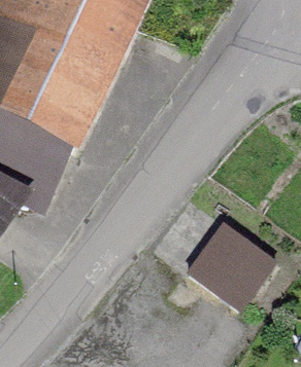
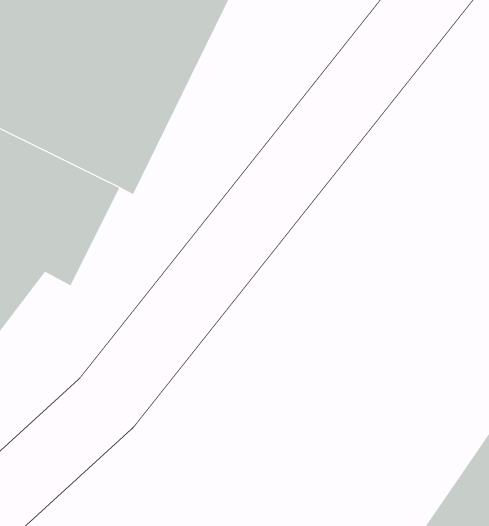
building: [185,221,275,313] -> none

